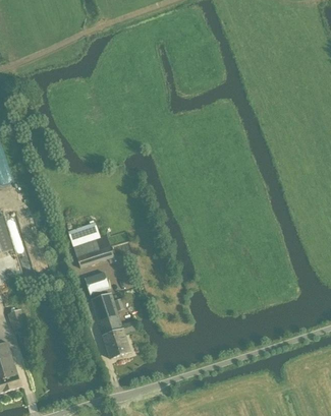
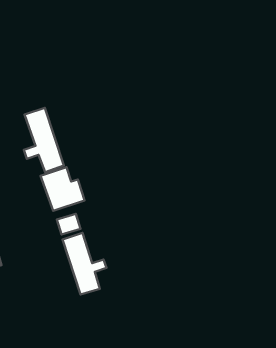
building: none -> [24,108,64,172]

